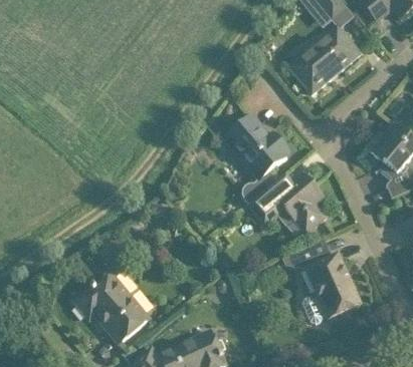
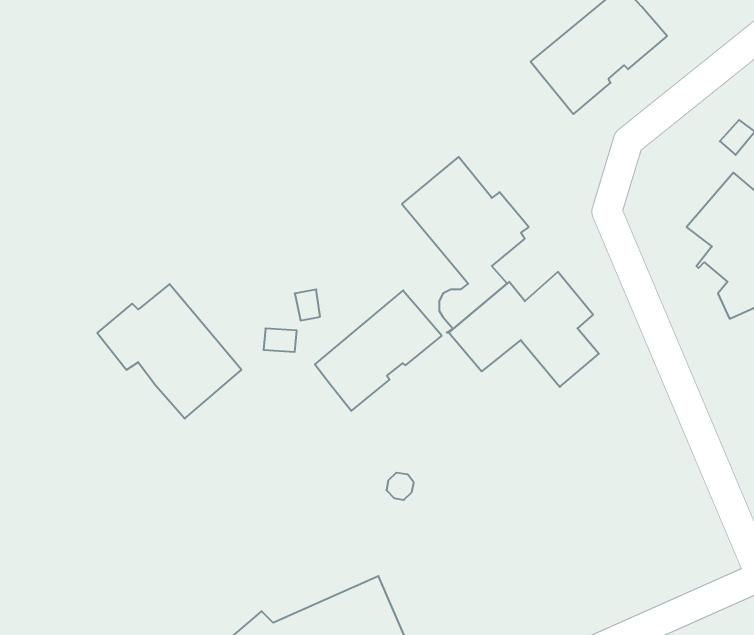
building: none -> [315,290,442,411]
building: [280,237,361,323] -> none
building: [74,274,149,343] -> [97,284,241,419]

